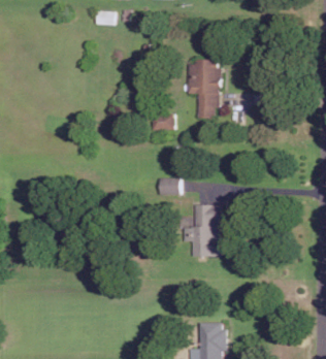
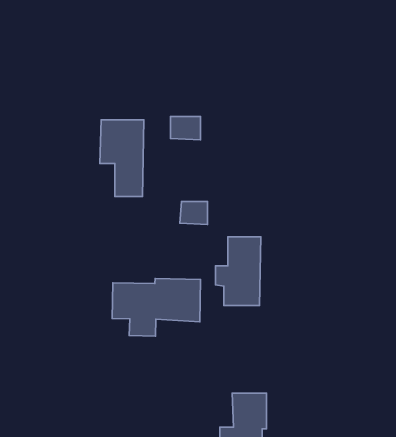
building: [187,60,220,118] -> [100,120,144,197]
building: none -> [112,279,201,336]

